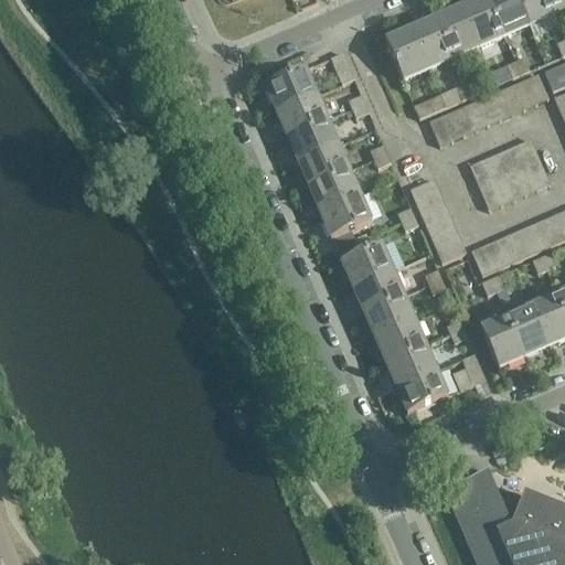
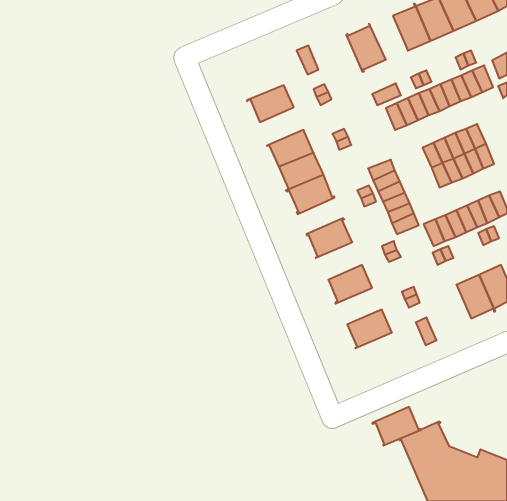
building: [411,18,454,66] -> none
building: [265,67,316,111] -> none
building: [289,119,338,162] -> none
building: [351,269,403,311] -> none
building: [481,317,524,367] -> none
building: [373,320,425,361] -> none
building: [395,370,449,413] -> [372,407,421,446]

